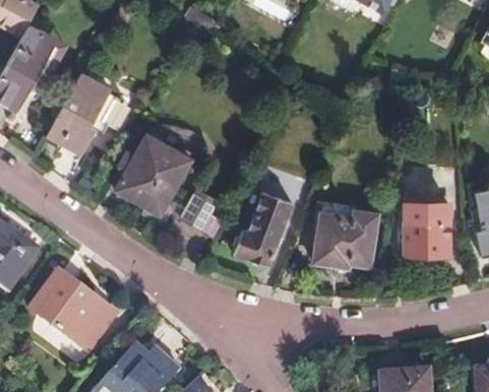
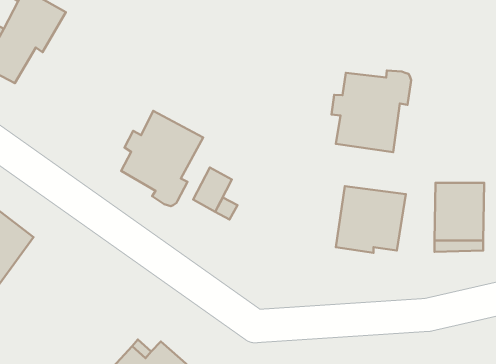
building: [48,77,124,156] -> none
building: none -> [331,71,411,152]
building: [233,193,293,266] -> none
building: [27,273,120,361] -> none

